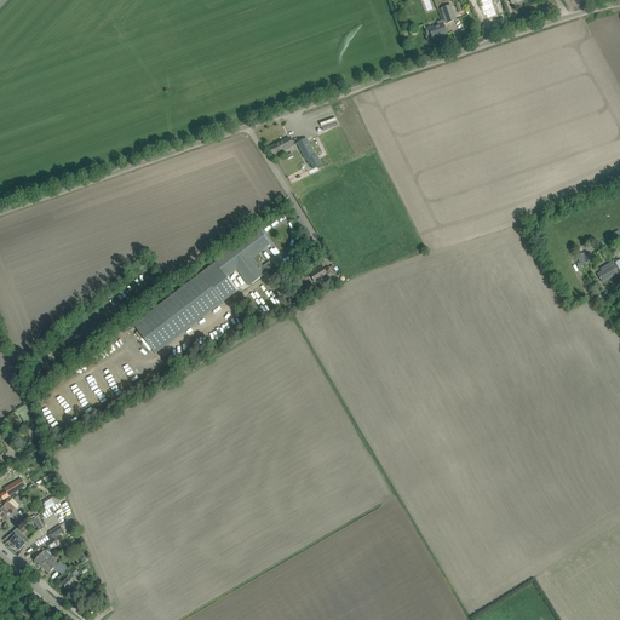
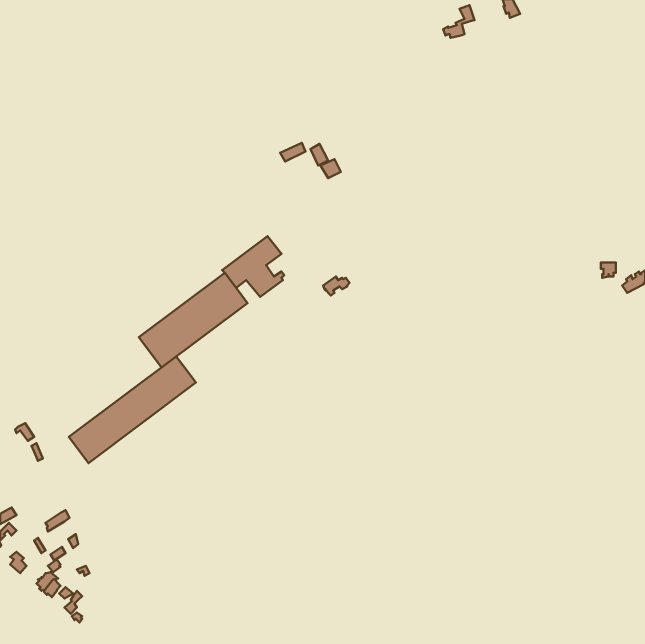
building: none -> [69,356,196,463]

